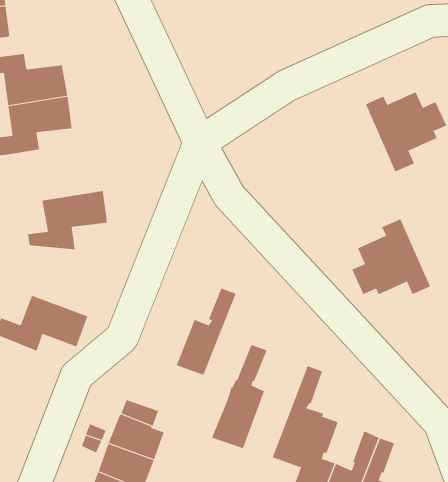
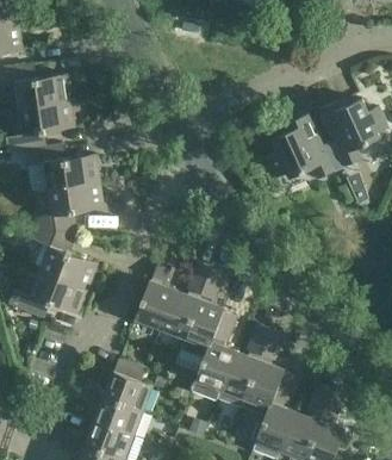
building: none -> [24,145,99,191]
building: [351,219,431,295] -> [267,114,334,179]
building: none -> [32,229,95,288]
building: none -> [135,265,175,330]
building: none -> [179,269,224,360]
building: none -> [217,325,270,416]

